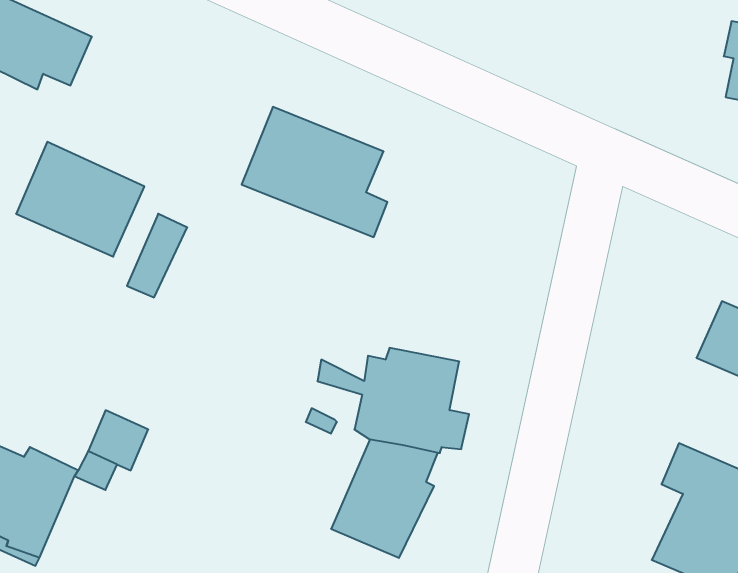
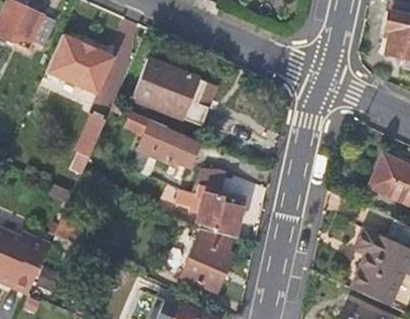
building: [16,142,144,257] -> [48,33,115,93]
building: none -> [138,118,201,166]

